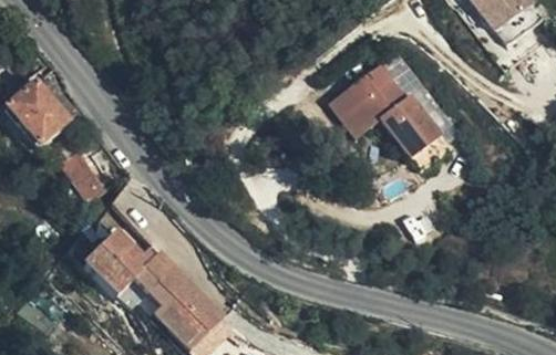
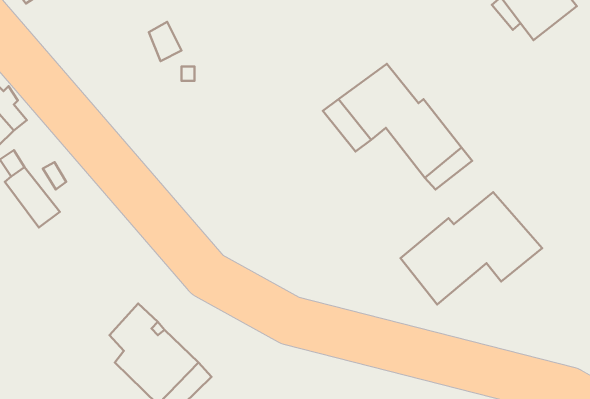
building: none -> [400,192,542,304]
building: [84,231,172,294] -> none

